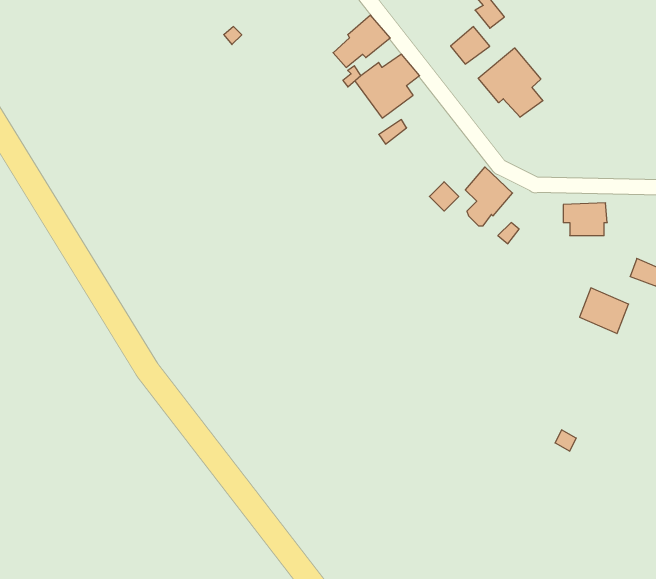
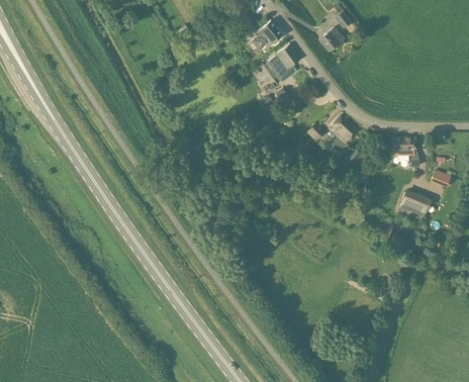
building: [478,48,543,117] -> none

